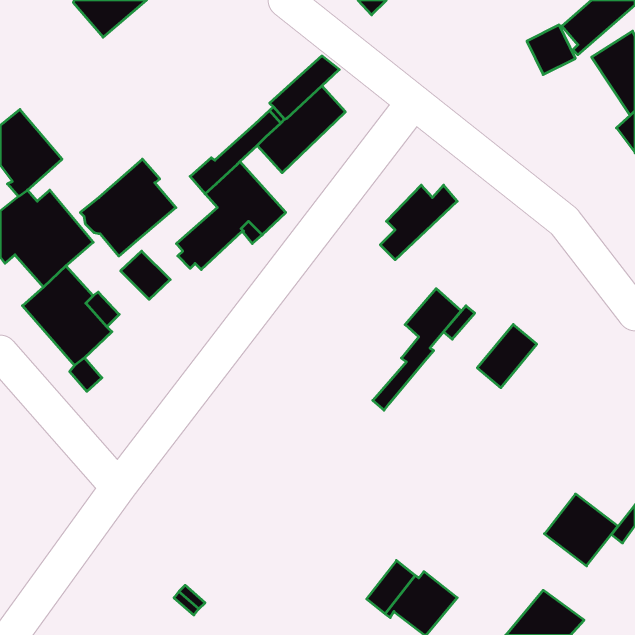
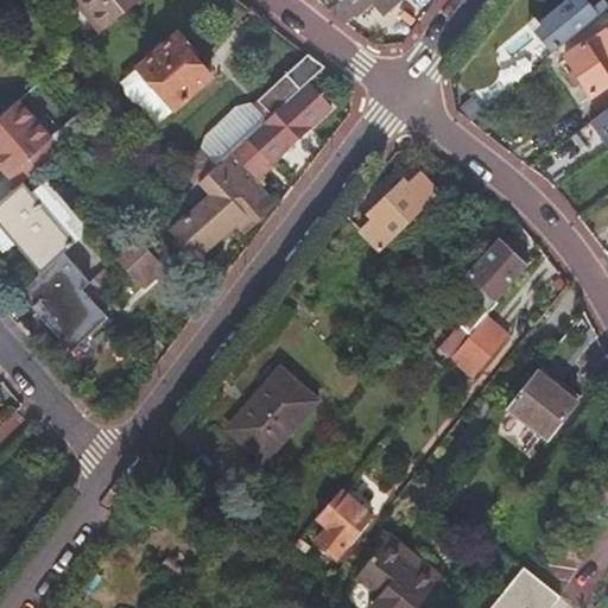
building: [80,159,176,256] -> [119,32,210,125]
building: [373,289,461,410] -> [441,241,525,357]
building: none -> [228,366,317,462]
building: [544,494,618,566] -> [507,370,577,439]
building: none -> [318,490,369,549]

